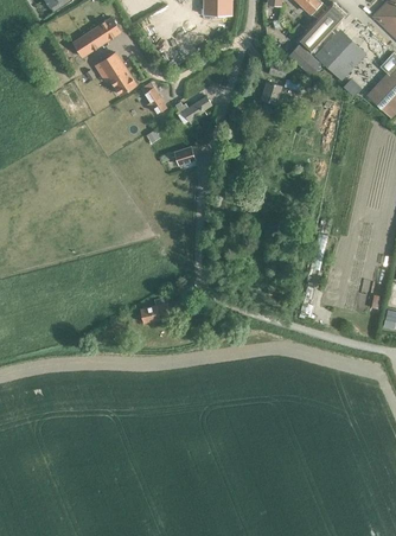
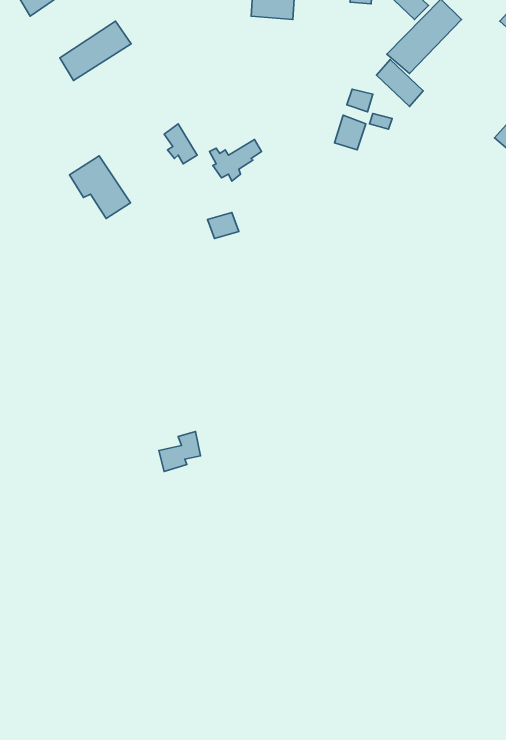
building: [315,32,362,77] -> none
building: [95,52,136,95] -> [70,156,130,218]

